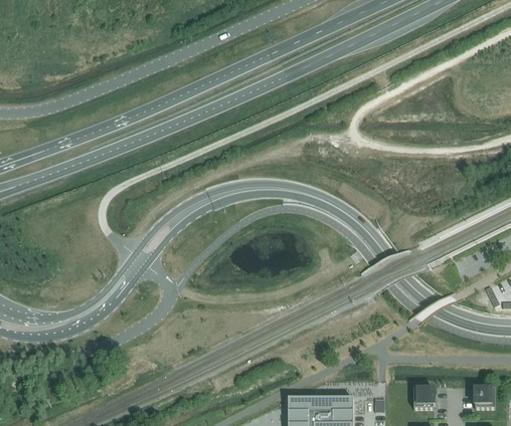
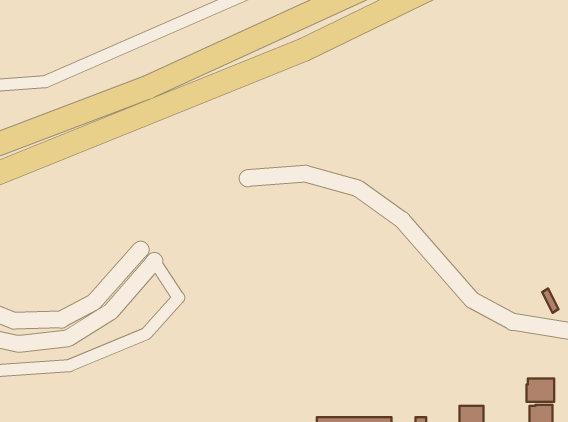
building: none -> [526,379,554,402]

